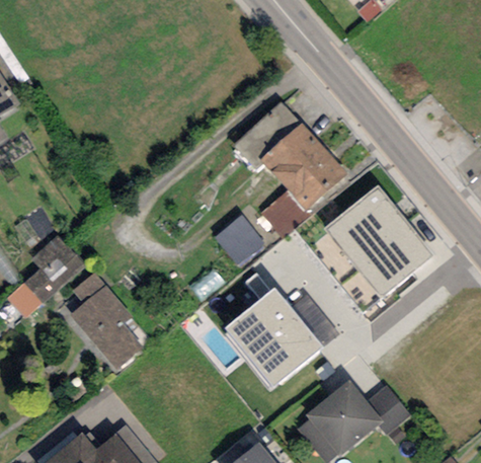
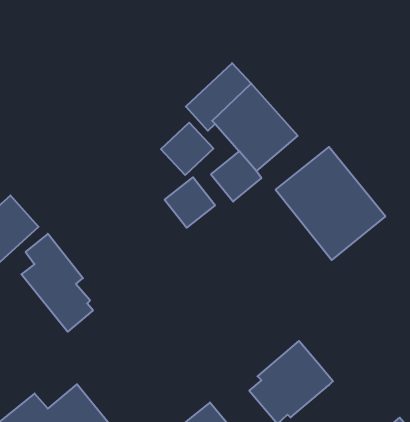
building: none -> [161,123,213,175]
building: [224,287,322,386] -> none
building: [367,386,411,435] -> none

